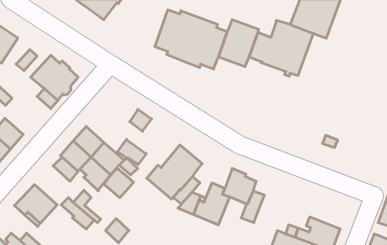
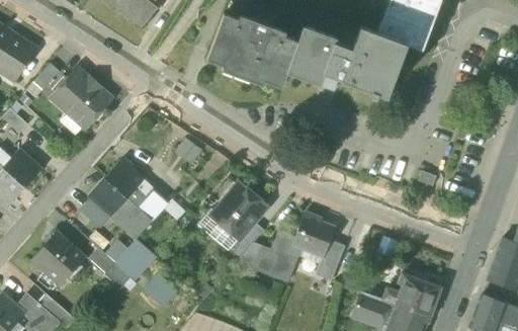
building: [118,139,146,164] -> none
building: [104,169,134,198] -> [119,240,157,276]

